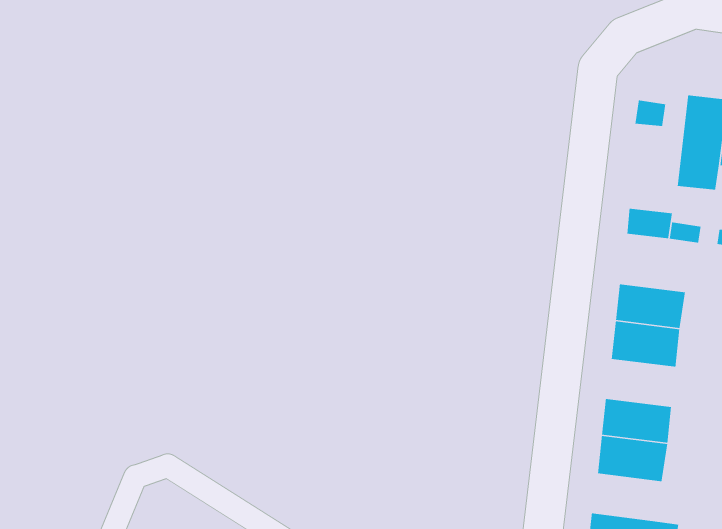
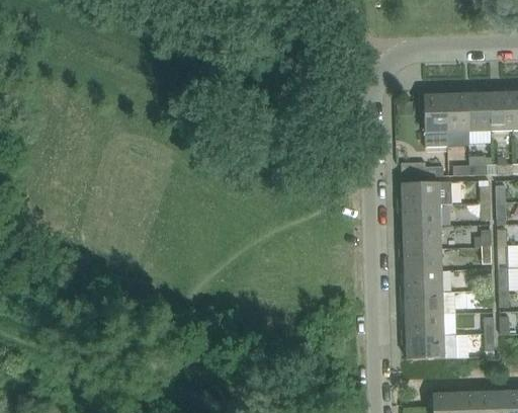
building: none -> [402,181,452,205]
building: none -> [404,248,442,271]
building: none -> [406,314,444,337]

